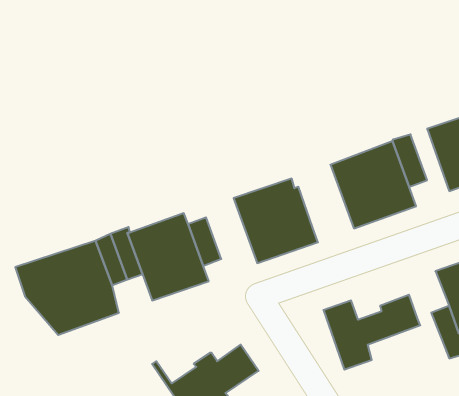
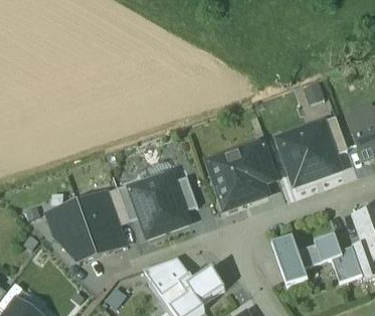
building: none -> [248,139,279,182]
building: none -> [332,245,362,281]
building: none -> [144,256,190,296]

